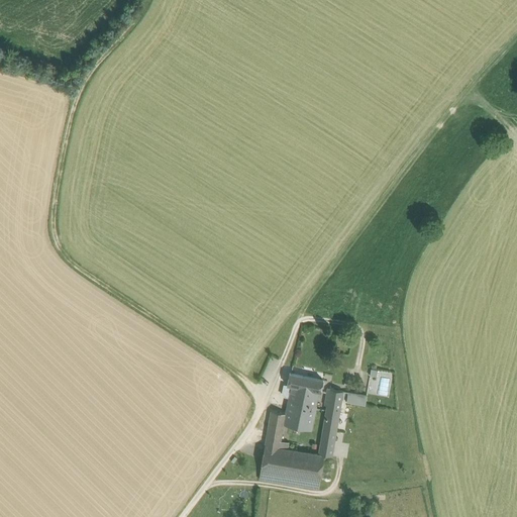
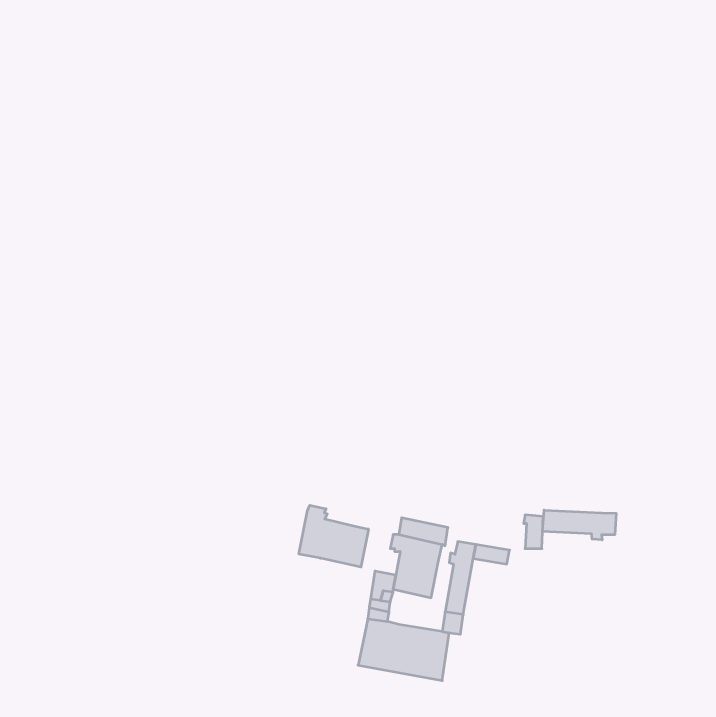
building: none -> [299,505,368,567]
building: none -> [543,510,616,540]

